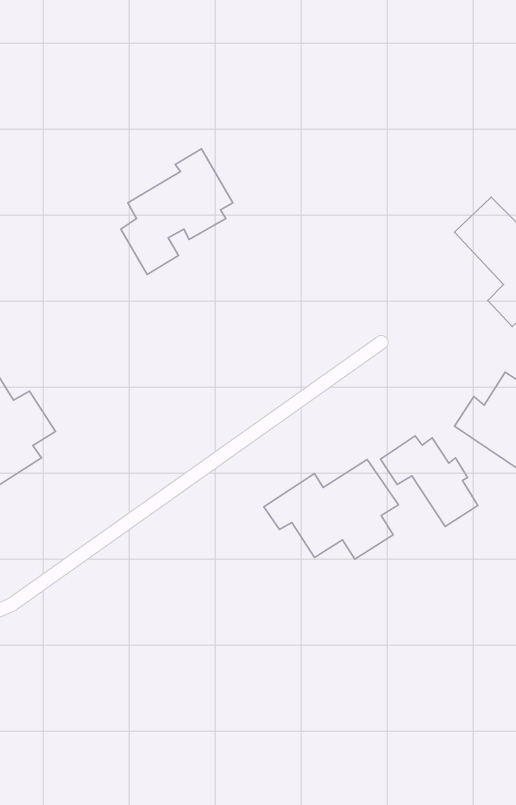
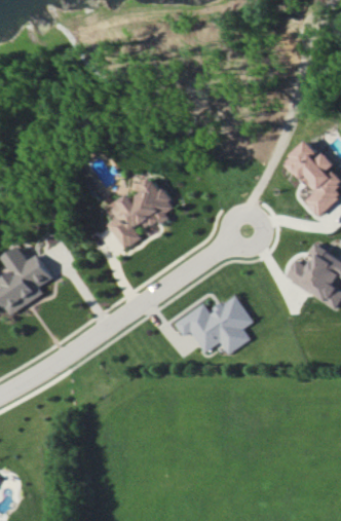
building: [121,149,233,275] -> [107,176,173,250]
building: [380,436,478,526] -> none

